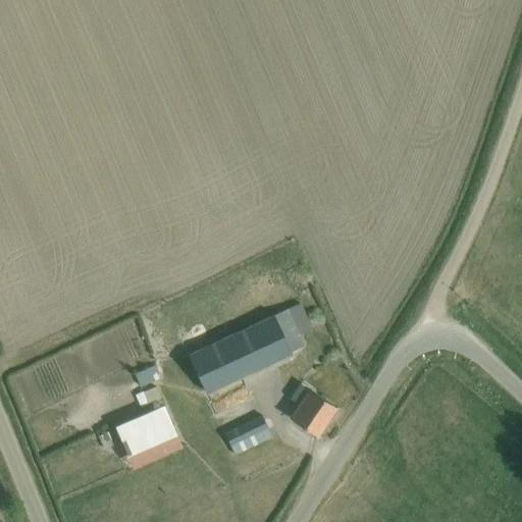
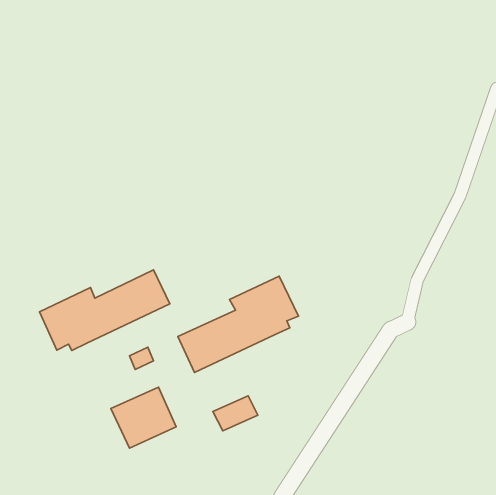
building: none -> [39,270,170,350]
building: [291,384,337,438] -> none

